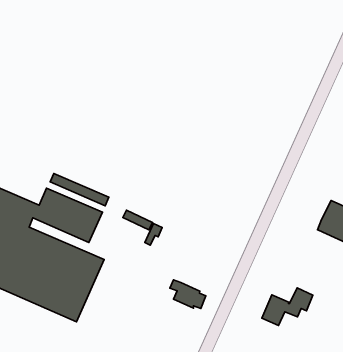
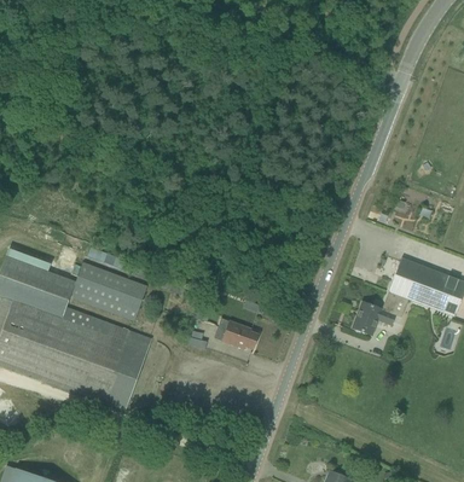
building: [170,280,206,308] -> [218,318,259,348]
building: [262,288,313,326] -> [353,291,408,335]

